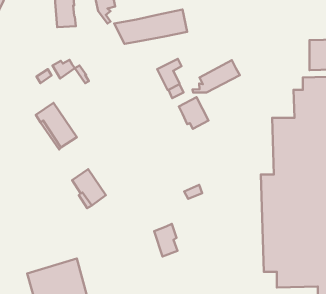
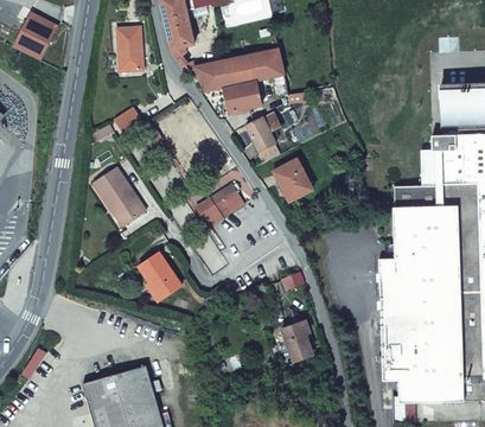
building: none -> [223,82,260,111]
building: [193,60,240,93] -> none
building: none -> [196,181,242,225]
building: [154,224,177,256] -> [280,319,309,361]

